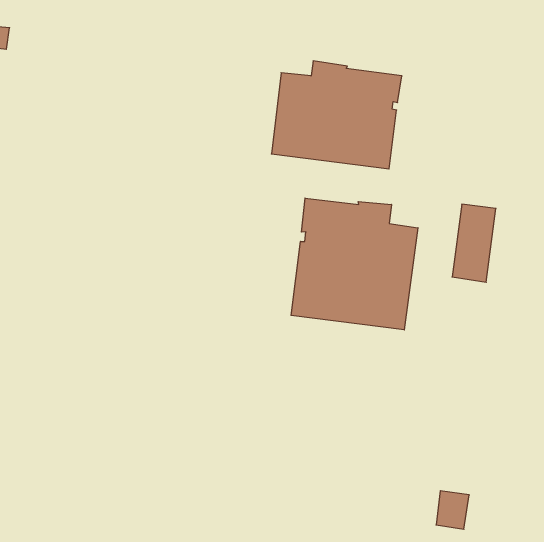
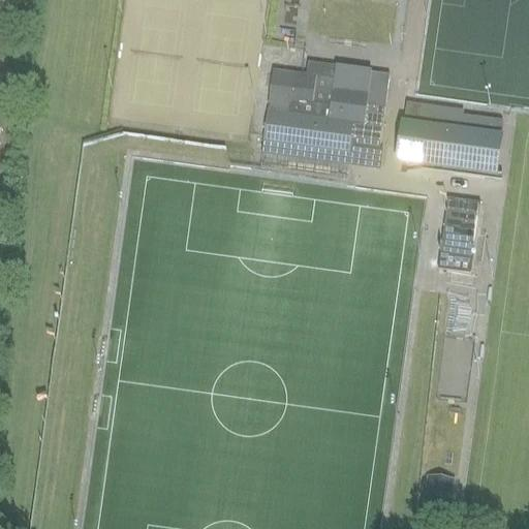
building: none -> [398,101,501,177]
building: [291,198,418,330] -> none

